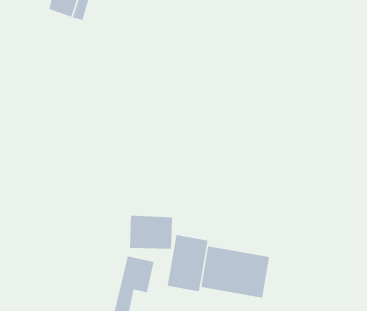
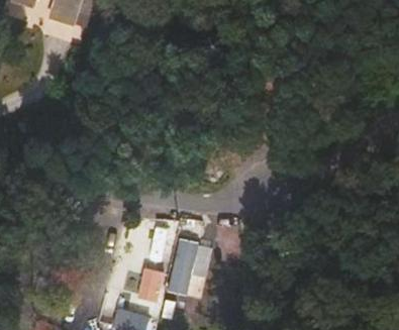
building: [201,245,270,299] -> none

